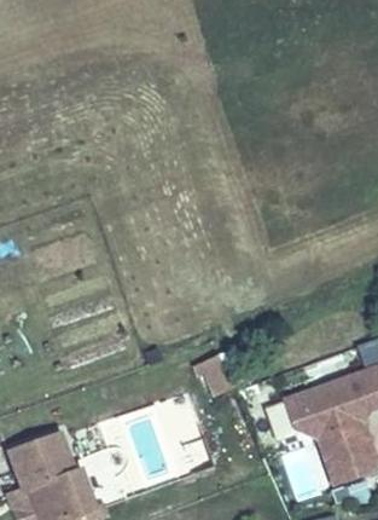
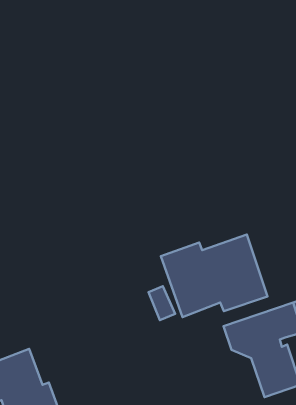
building: none -> [161,235,268,317]

